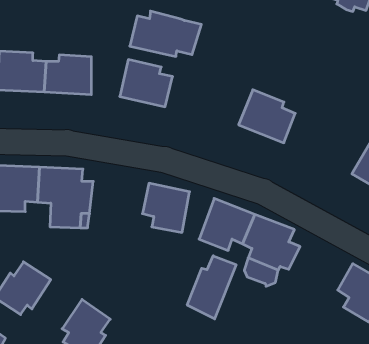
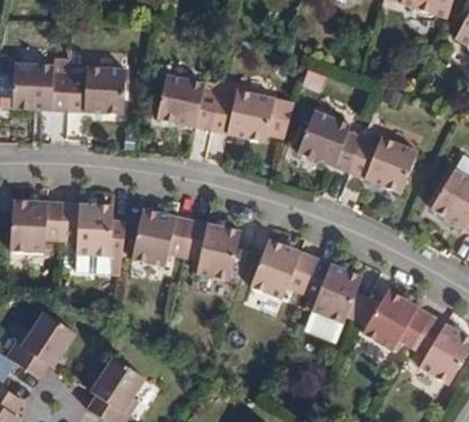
building: [130,11,201,56] -> [210,89,295,142]
building: none -> [350,137,416,192]
building: none -> [129,209,191,265]
building: none -> [356,289,431,349]
building: [187,256,236,319] -> none

